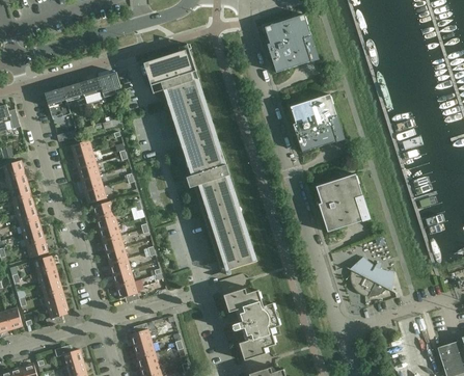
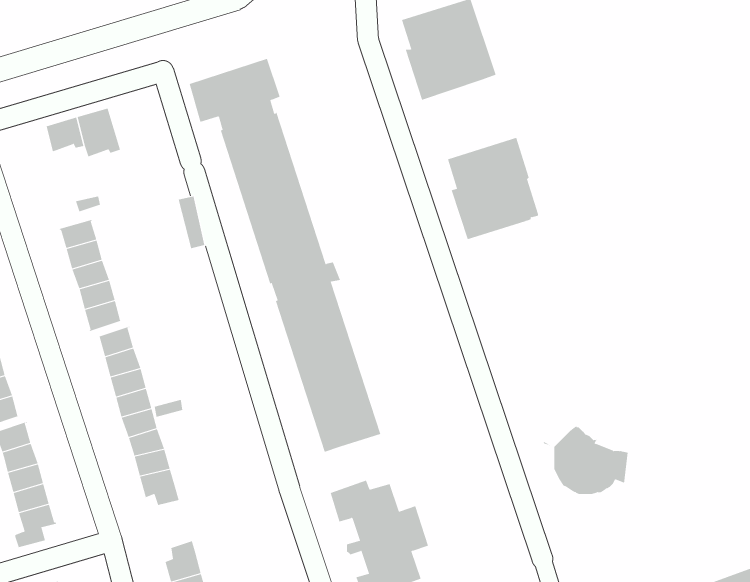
building: [99,72,122,101] -> none
building: [45,87,71,117] -> none
building: [316,173,369,232] -> none

